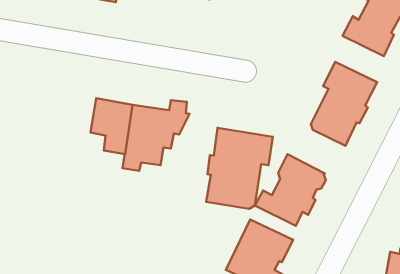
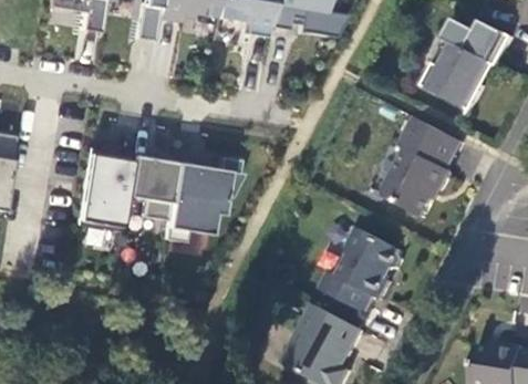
building: none -> [75,148,132,232]
building: [206,128,273,209] -> none

